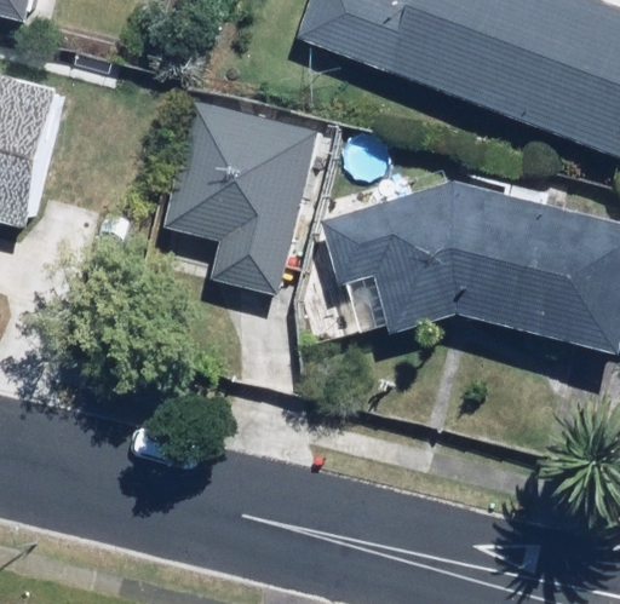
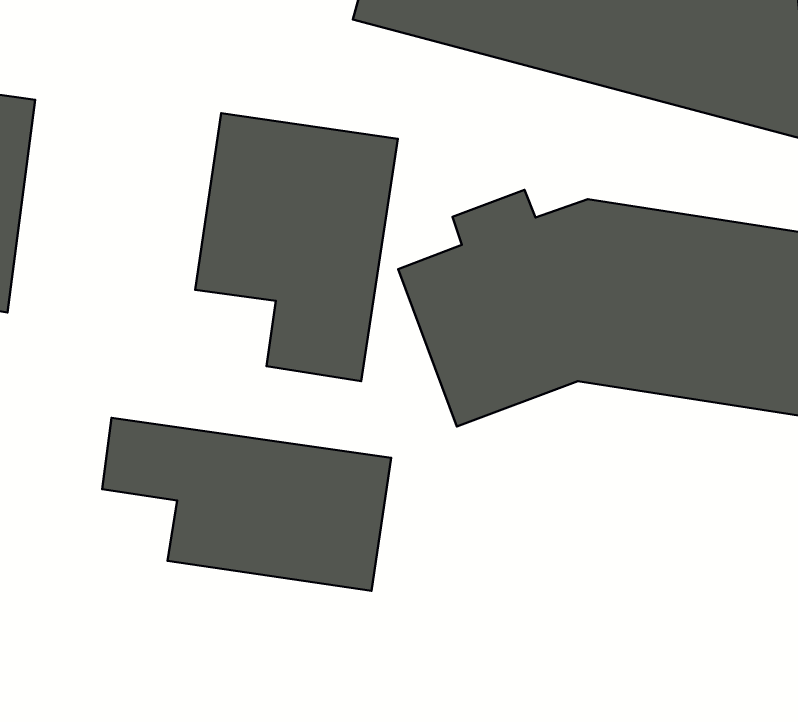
building: none -> [102,418,391,591]

